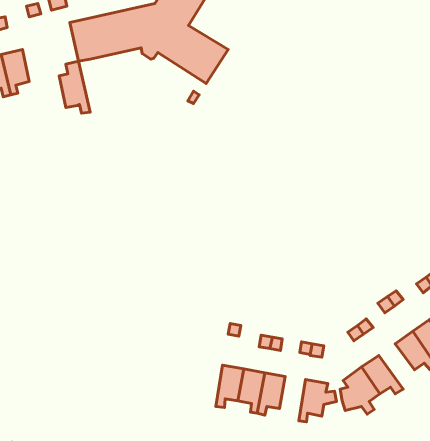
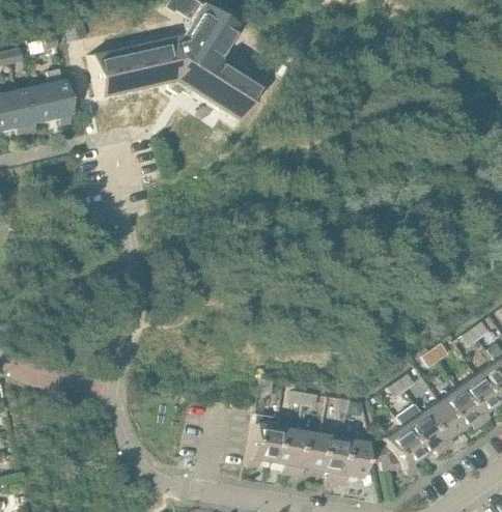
building: [59,61,90,113] -> [43,67,76,123]
building: none -> [425,399,464,448]
building: none -> [318,434,346,482]

